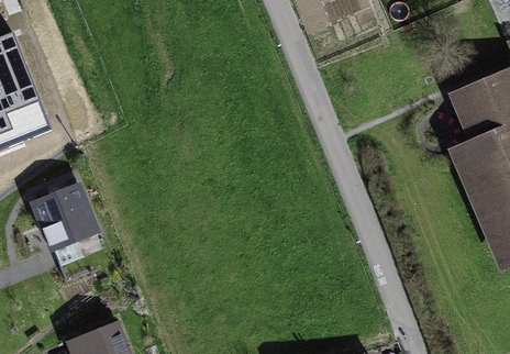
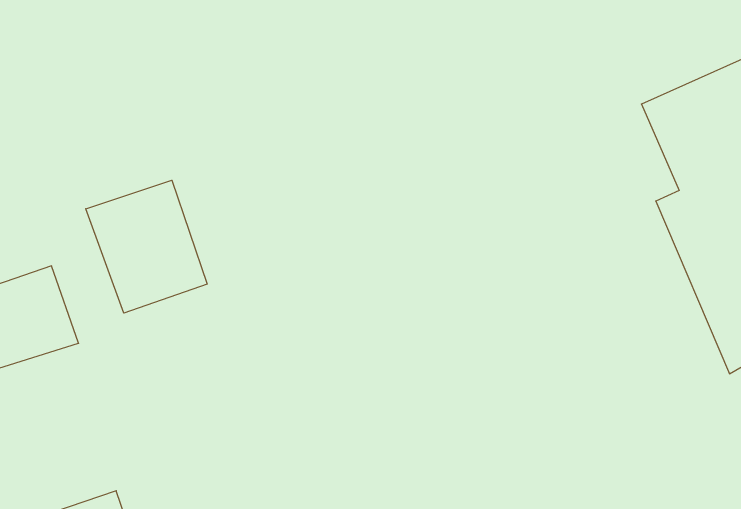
building: none -> [86,180,207,313]

